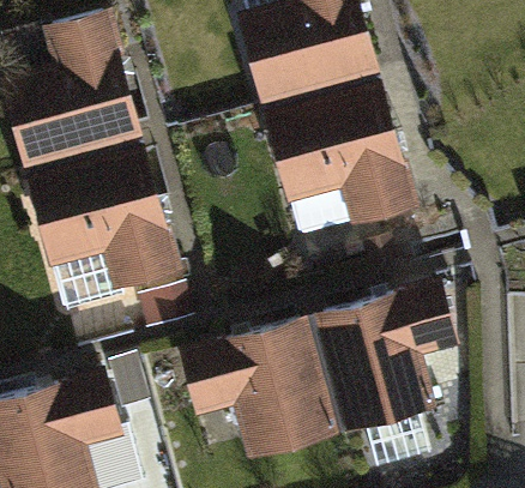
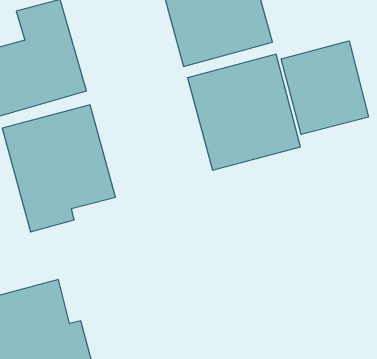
building: none -> [281,41,368,135]
building: [318,285,452,430] -> none
building: [185,320,334,456] -> none

